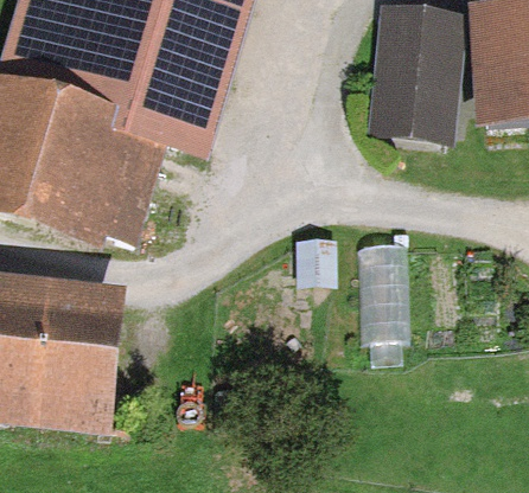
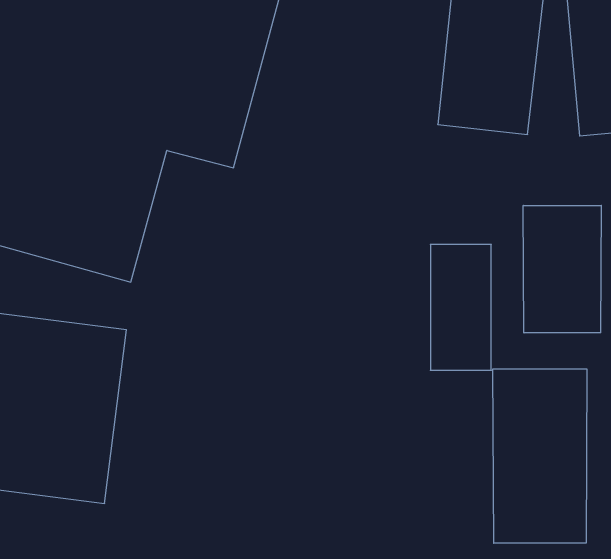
building: none -> [523,205,601,333]
building: none -> [493,369,587,543]

